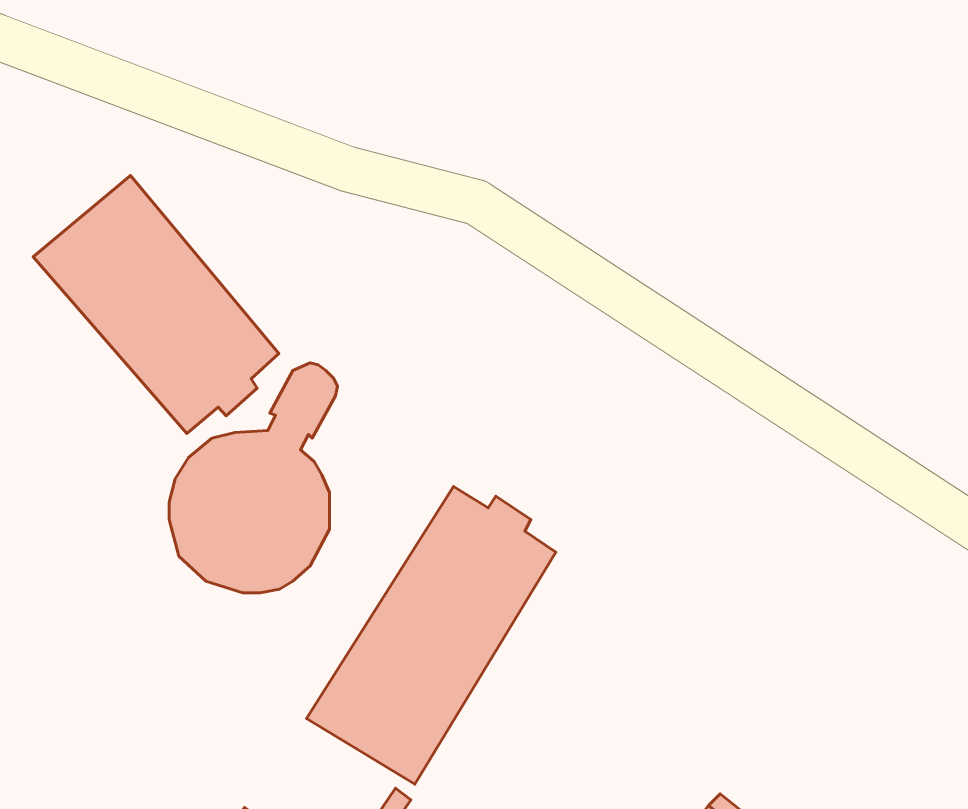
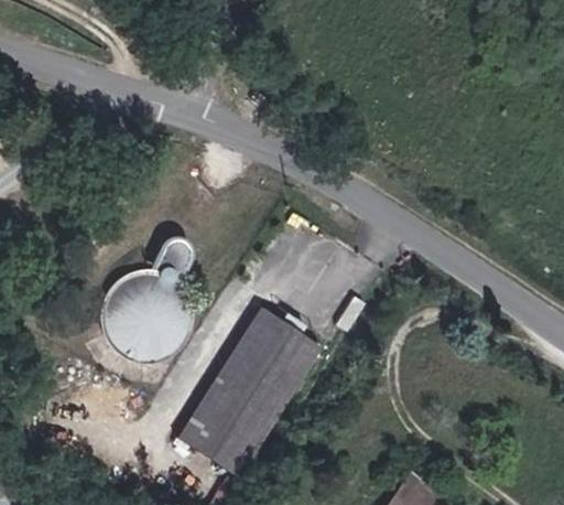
building: [33,176,279,433] -> none

